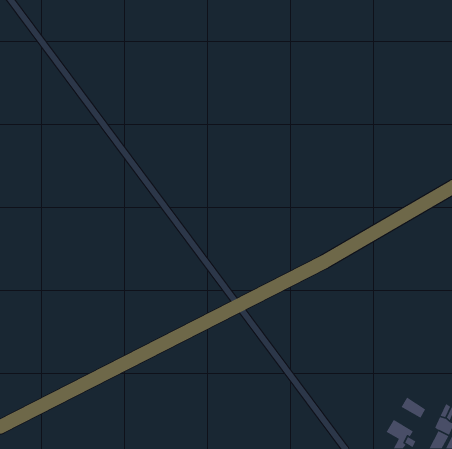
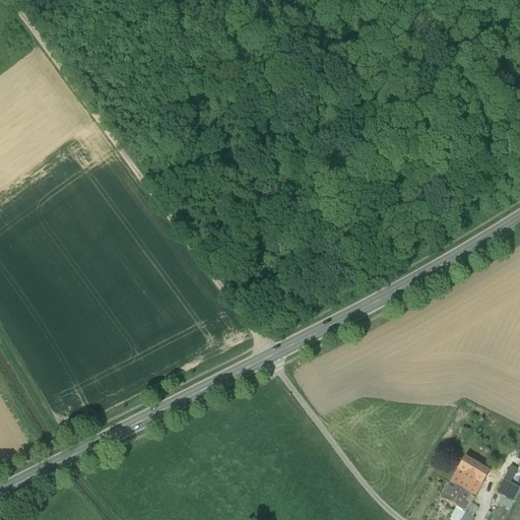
building: none -> [452,466,483,493]

